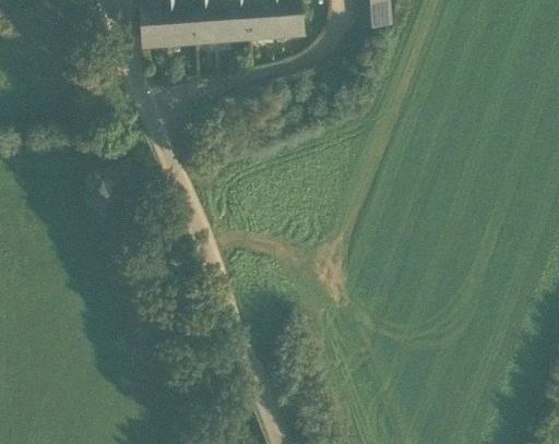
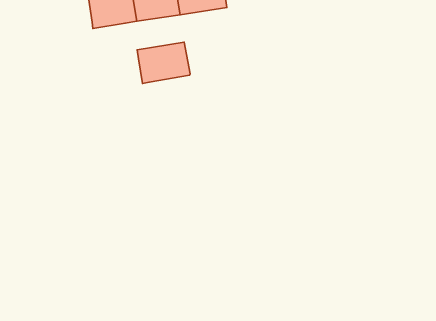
building: none -> [137,42,190,84]

